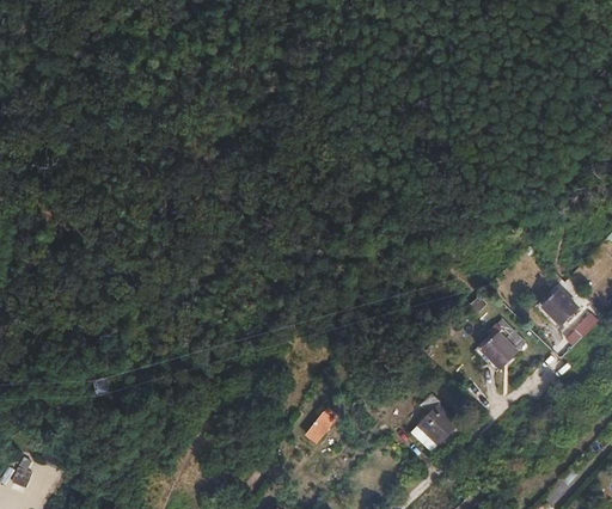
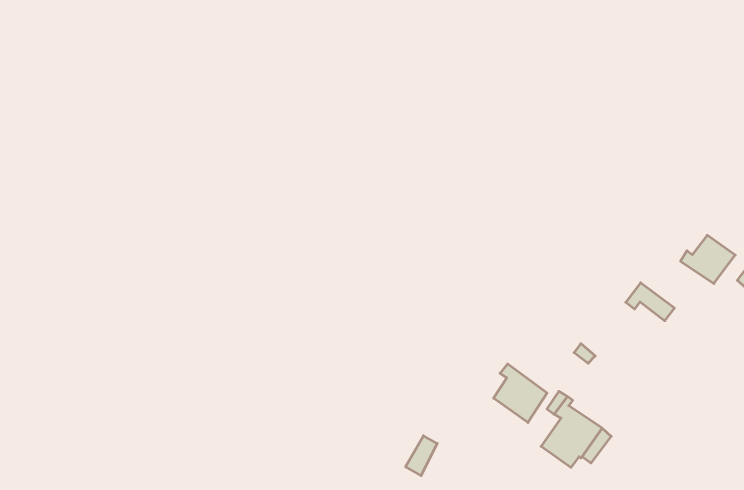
building: [475,333,518,372] -> none
building: none -> [494,364,547,423]

